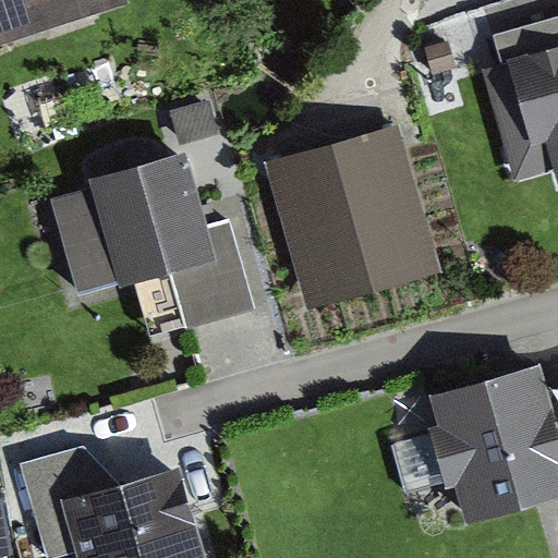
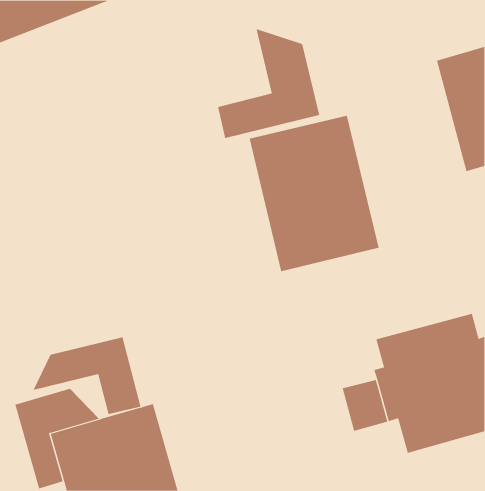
building: none -> [218,28,320,139]
building: [59,153,252,337] -> none
building: none -> [33,337,141,415]

